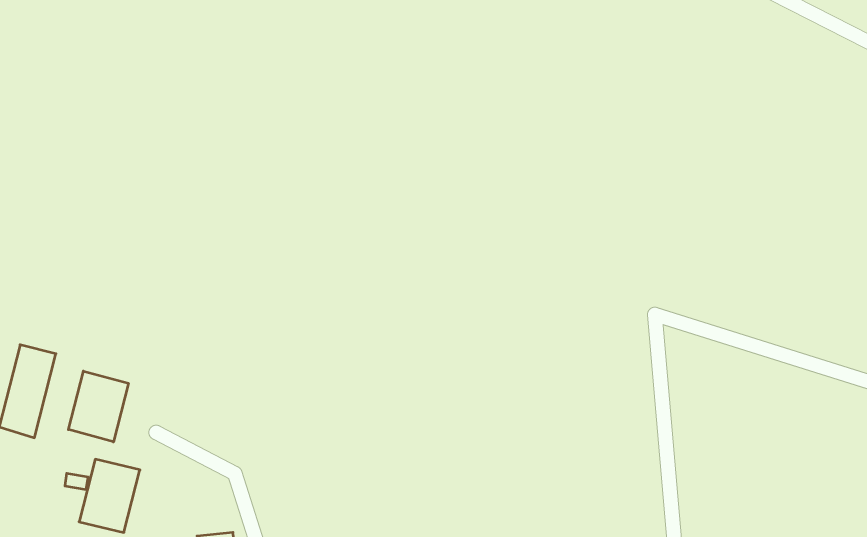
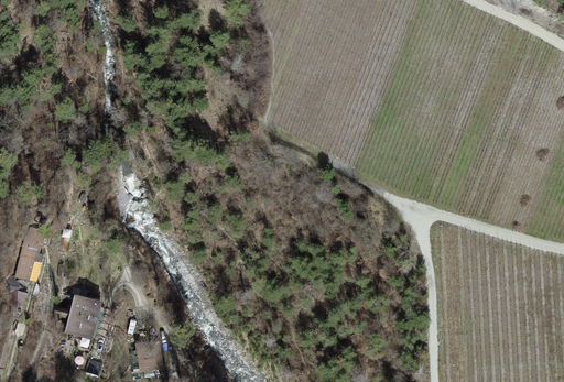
building: [68,371,128,442] -> none

